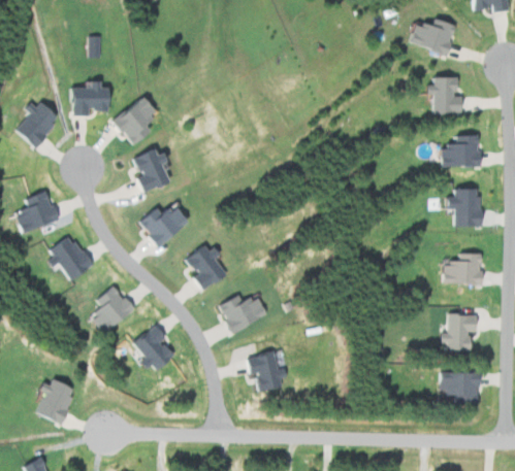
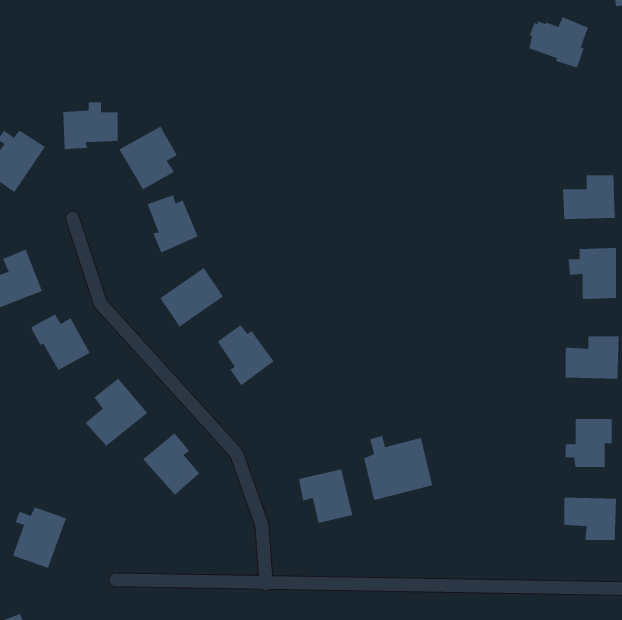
building: [431,76,466,114] -> none
building: [219,296,267,331] -> none
building: none -> [364,435,433,501]

